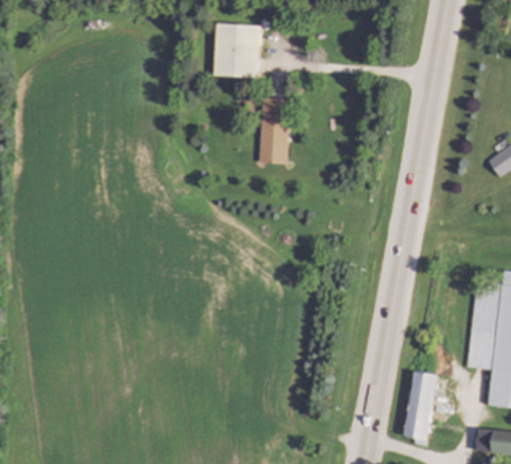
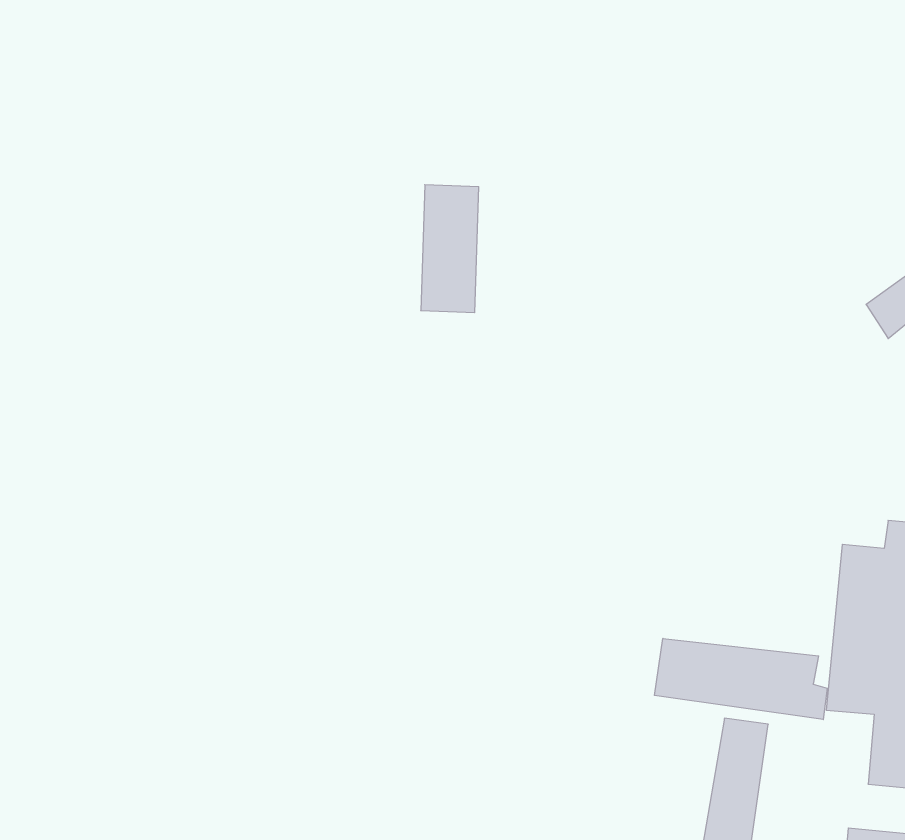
building: [215,24,260,77] -> none
building: none -> [654,638,827,720]

